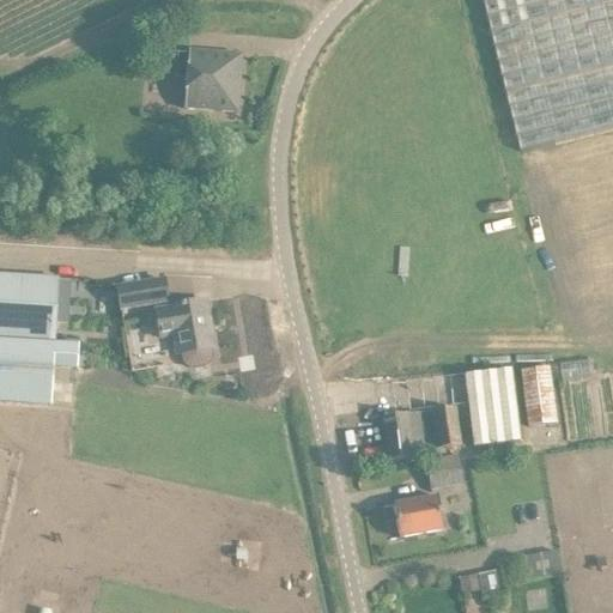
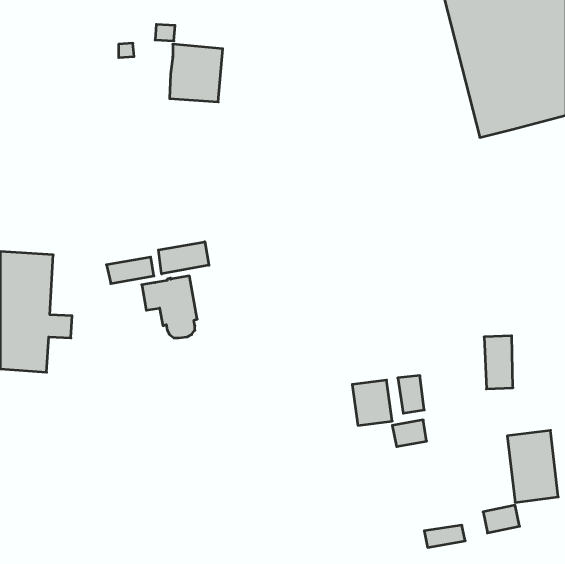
building: none -> [158,242,209,274]
building: [465,368,520,445] -> [507,430,558,502]
building: [394,494,443,535] -> none

